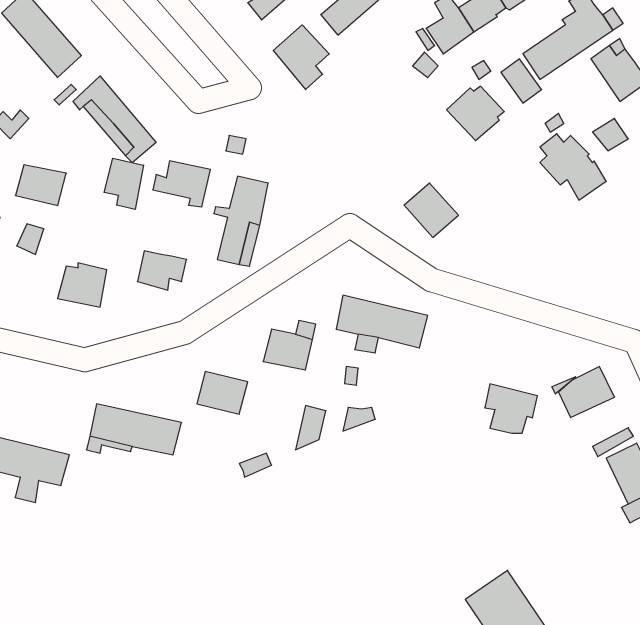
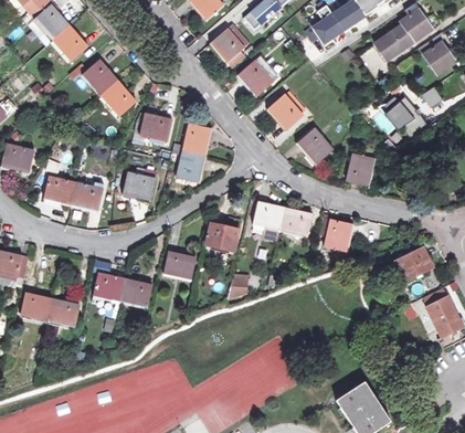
building: none -> [239,56,277,95]
building: [447,86,504,141] -> [268,93,306,128]
building: [104,158,144,209] -> none
building: [15,165,66,206] -> [44,177,77,203]
building: none -> [347,154,373,186]
building: [485,384,537,433] -> [320,218,355,250]

